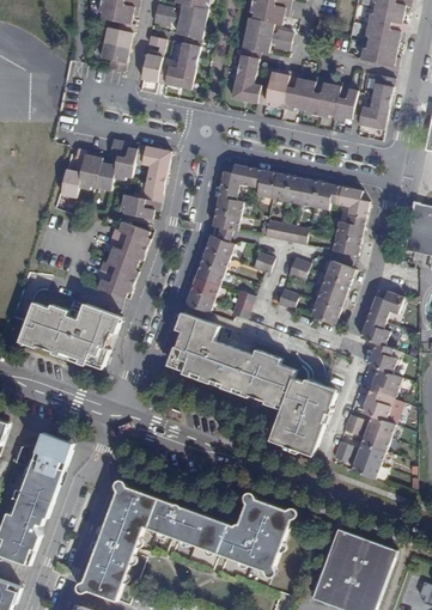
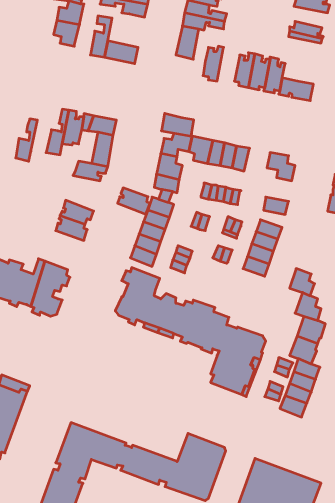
building: [364,25,403,49] -> none
building: [177,33,201,71] -> none
building: [281,71,306,110] -> none
building: [370,74,395,111] -> none
building: [232,79,268,104] -> [161,113,194,136]
building: [75,151,98,188] -> none
building: [311,182,340,209] -> none
building: [335,214,364,240] -> none
building: [114,222,150,251] -> [118,188,150,214]
building: [97,273,134,298] -> none
building: [369,291,403,321] -> none

